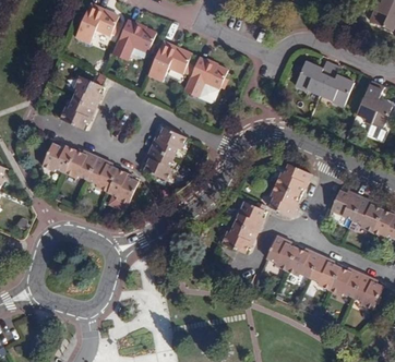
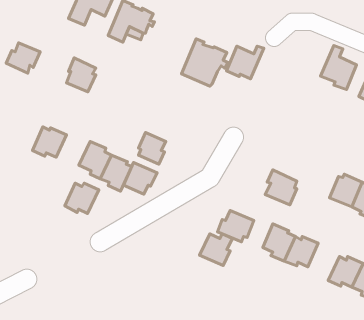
building: [149,43,193,81] -> none
building: [297,61,333,93] -> [227,46,264,79]
building: [62,99,95,129] -> [6,43,40,73]
building: [151,125,183,156] -> [123,163,157,194]
building: [64,149,97,179] -> [65,183,99,214]
building: [274,162,310,194] -> none
building: [232,202,264,232] -> [200,234,232,265]
building: [308,254,338,290] -> none

